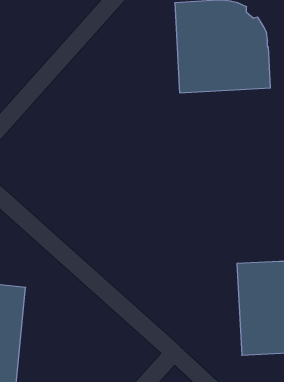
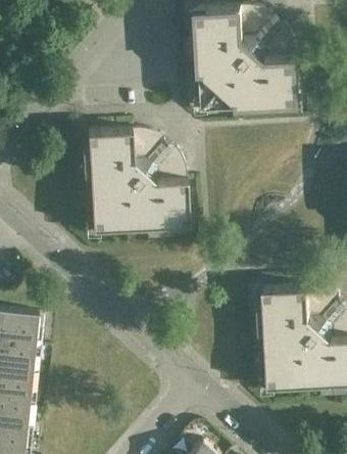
building: none -> [86,131,188,231]

